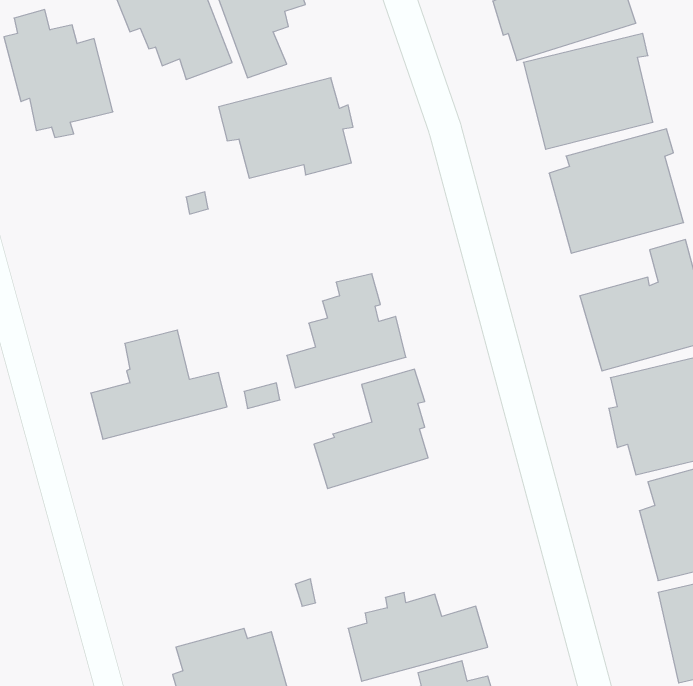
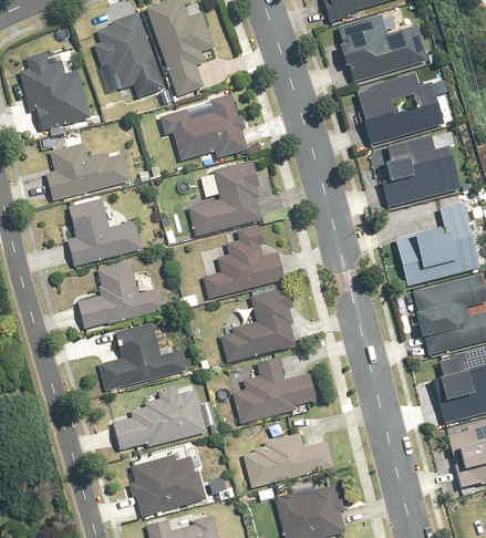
building: none -> [44,142,128,200]
building: none -> [188,162,261,236]
building: none -> [66,197,142,267]
building: none -> [99,323,185,390]
building: none -> [232,354,320,424]
building: none -> [111,386,206,449]

